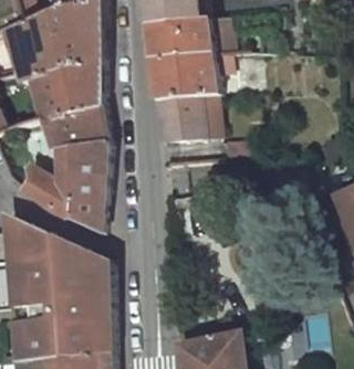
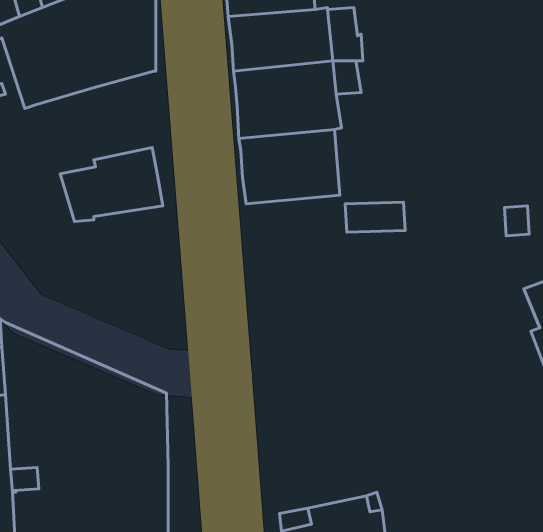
building: [27,57,101,122] -> none
building: [20,141,106,232] -> none

